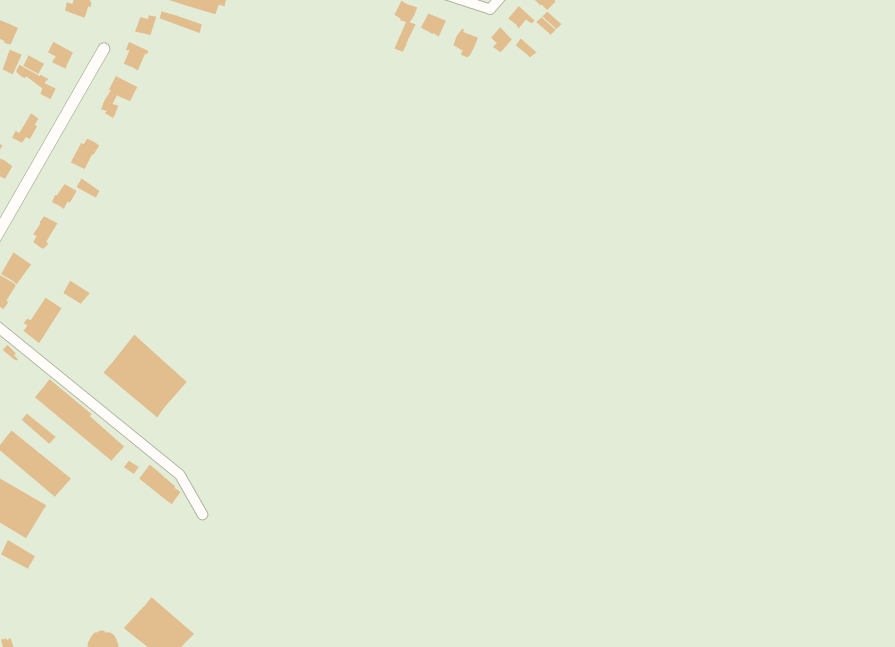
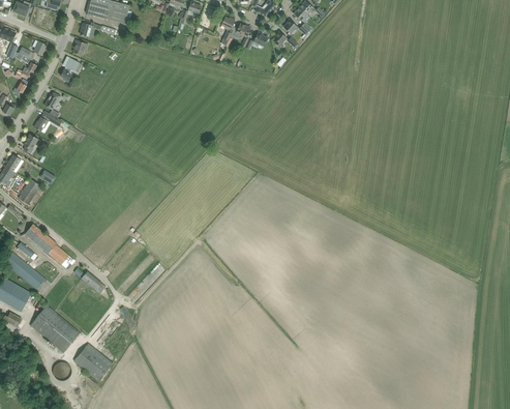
building: [102,334,187,418] -> none
building: none -> [29,304,80,353]

